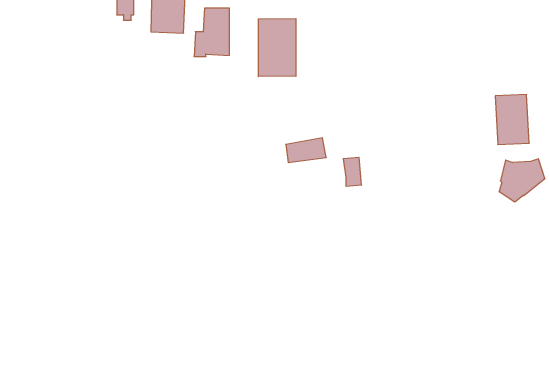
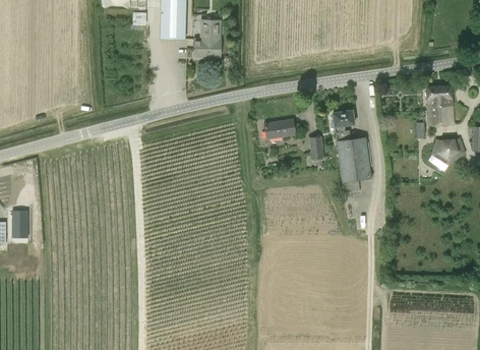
building: [258,19,296,77] -> none
building: none -> [333,110,370,193]

